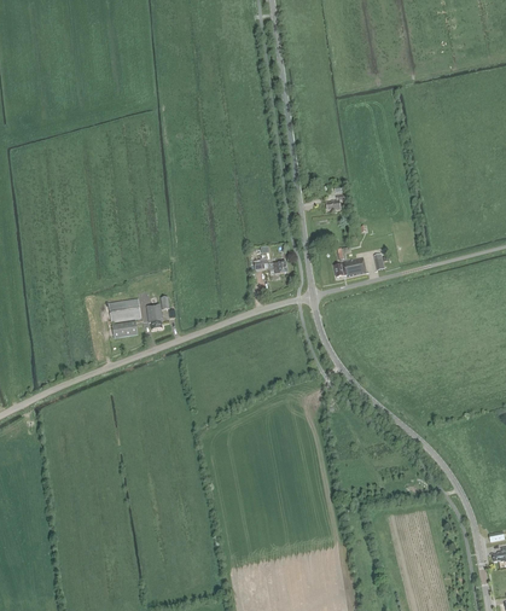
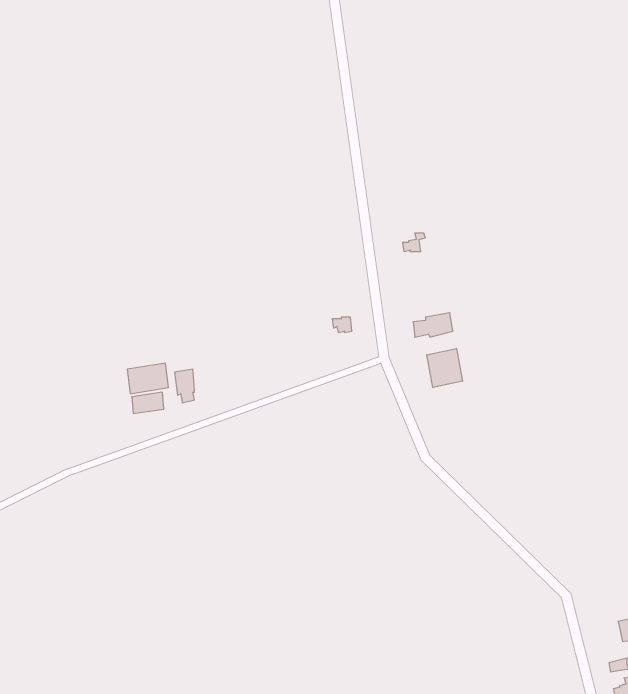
building: none -> [427,348,463,388]

